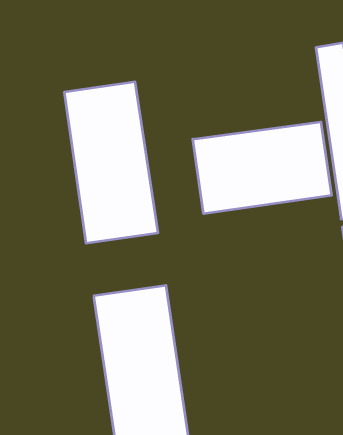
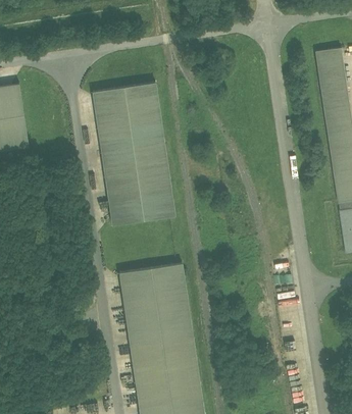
building: [193,122,331,214] -> none

